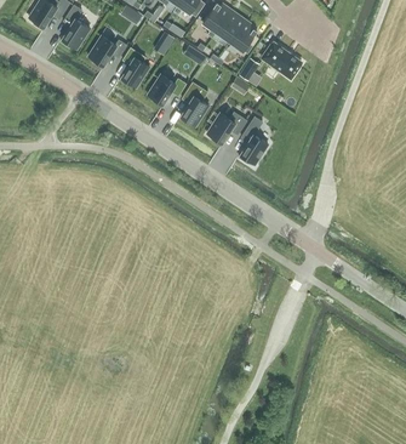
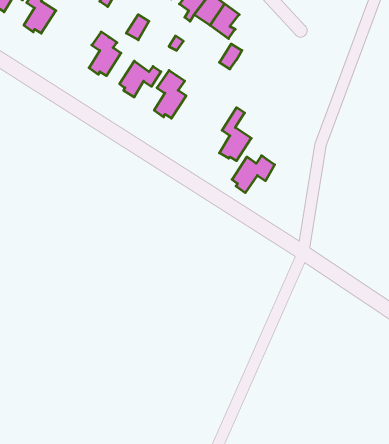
building: [88,34,126,67] -> none
building: [262,41,302,76] -> none
building: [207,110,246,144] -> [232,156,275,193]

